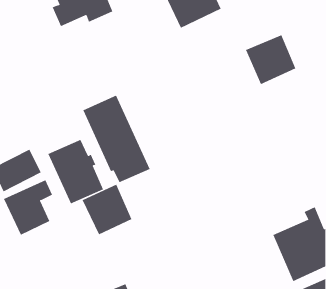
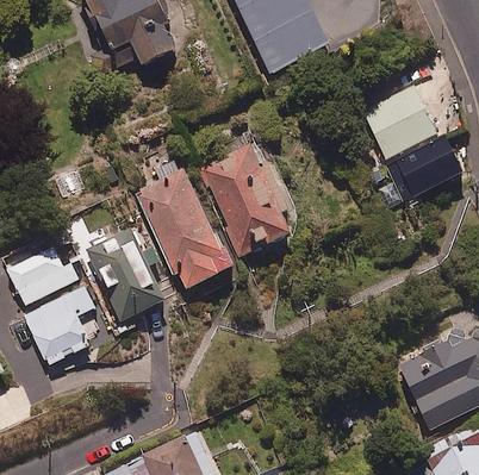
building: none -> [386,138,461,201]
building: none -> [200,143,291,257]
building: [82,184,132,235] -> none

